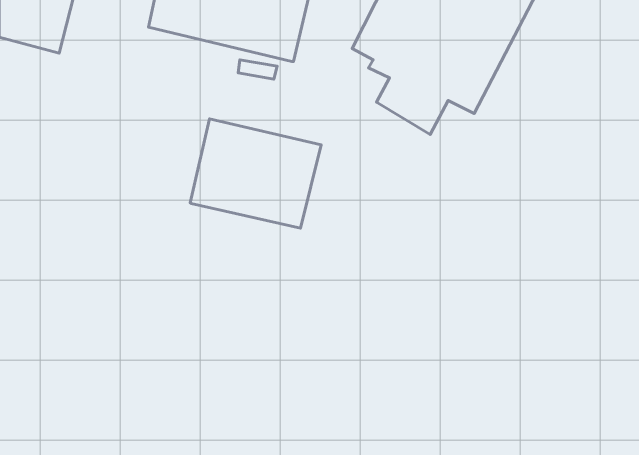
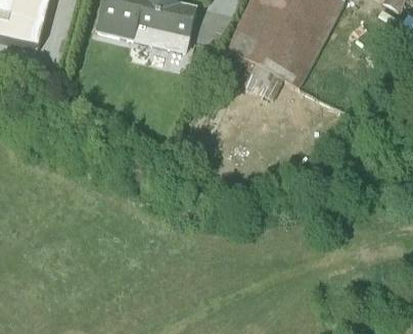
building: [190,119,321,228] -> none

